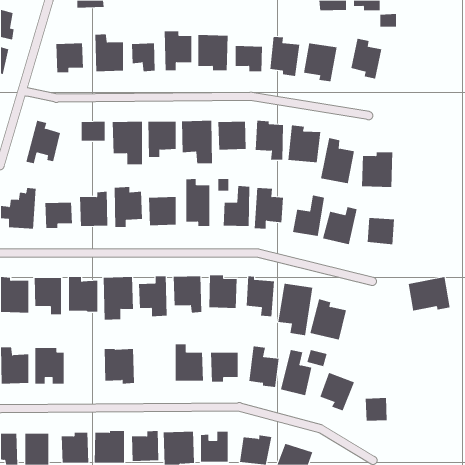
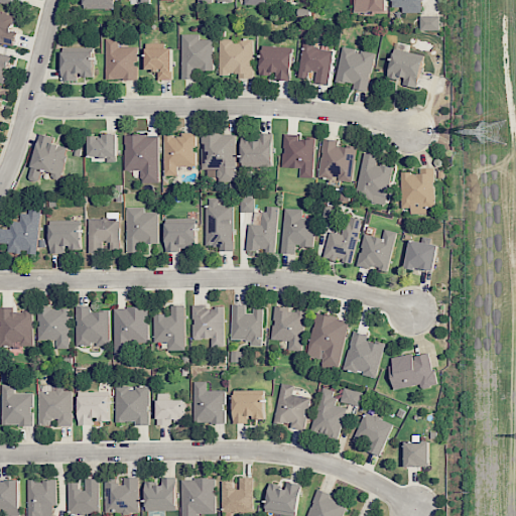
building: [408,277,451,311] -> [389,351,436,389]
building: none -> [78,391,109,425]
building: none -> [156,399,184,425]

